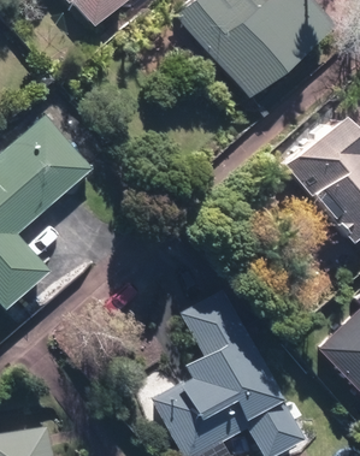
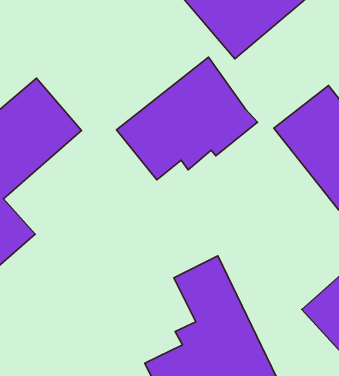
building: none -> [117,57,258,180]

